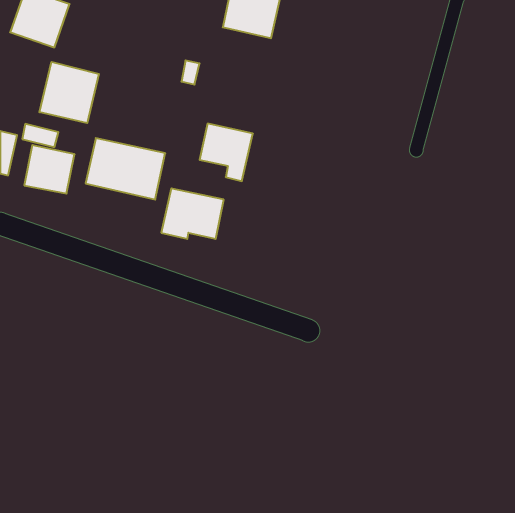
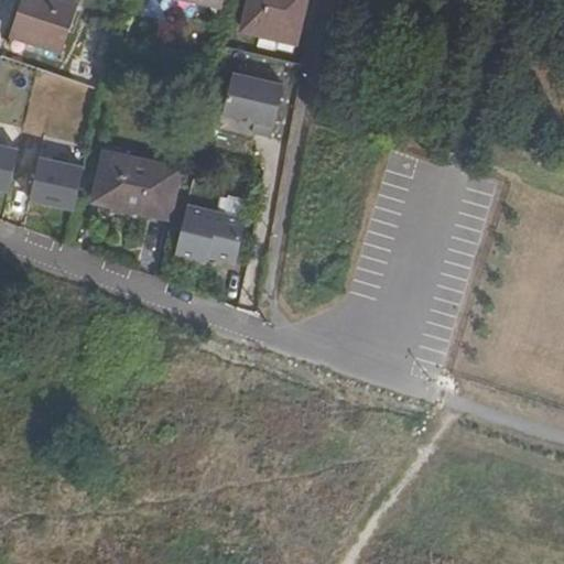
building: [39,62,99,123] -> none
building: [200,124,253,181] -> [224,74,282,137]

